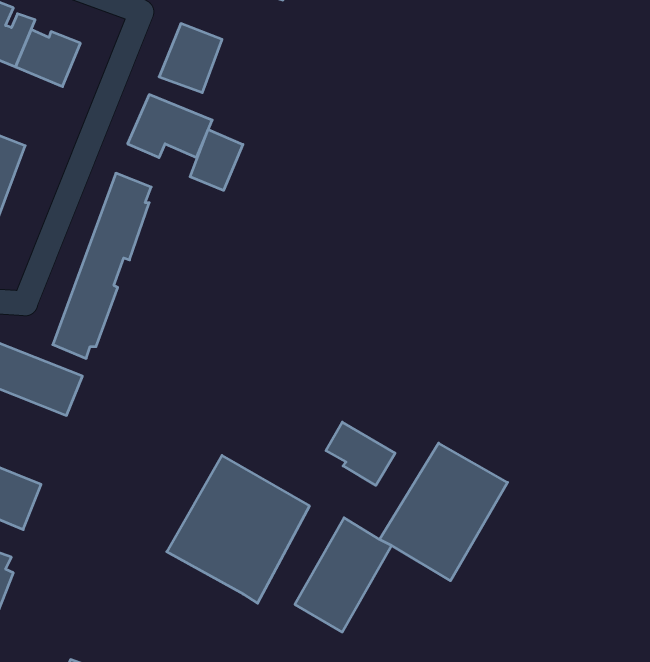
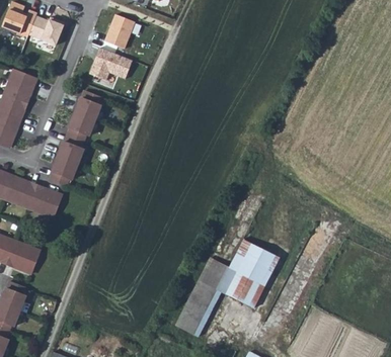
building: [190,130,243,190] -> none
building: [326,422,395,485] -> none
building: [167,455,309,603] -> none

